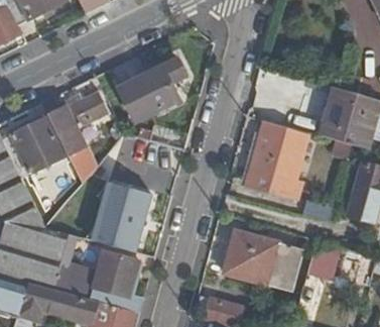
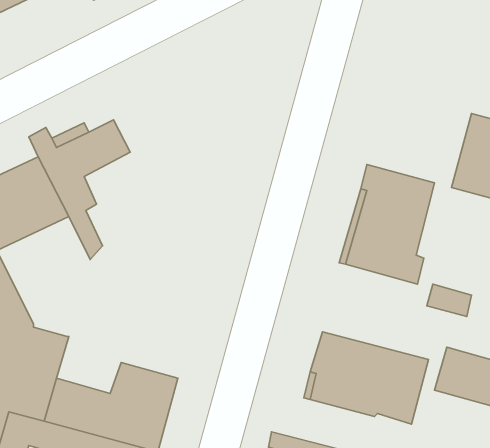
building: [119,59,182,121] -> none
building: [90,182,150,250] -> none

